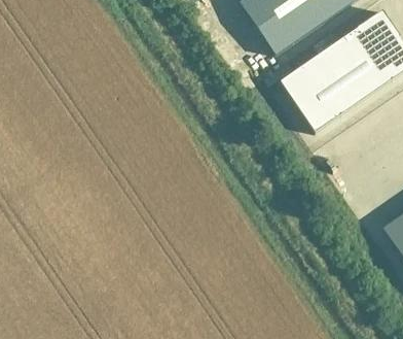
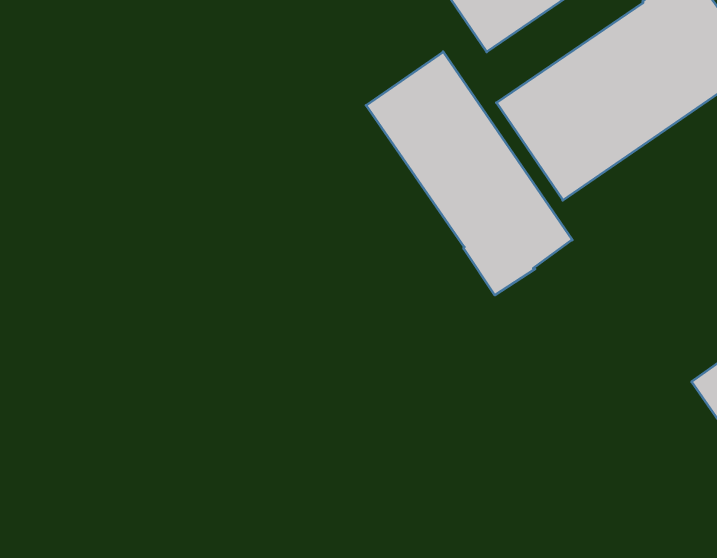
building: none -> [366,52,572,295]

